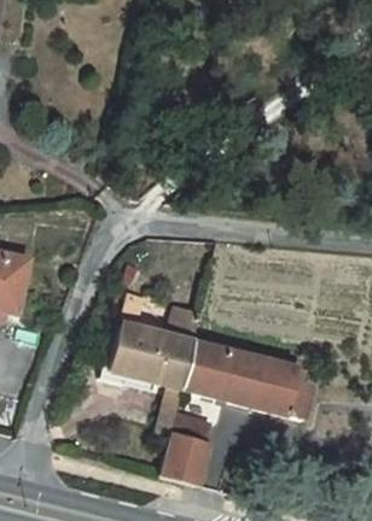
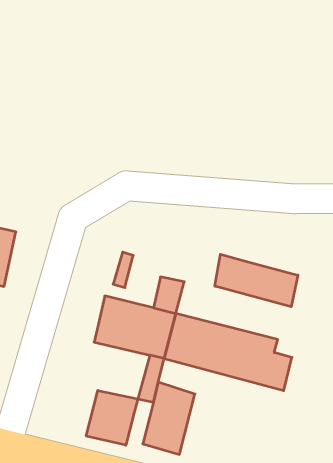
building: none -> [215,254,298,307]
building: none -> [86,390,138,445]

